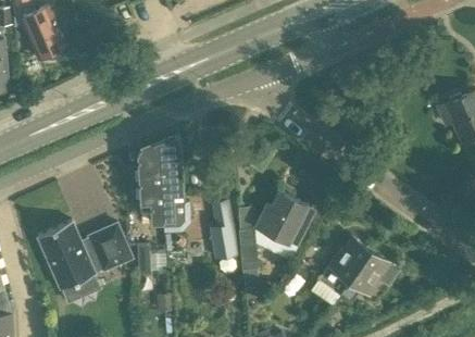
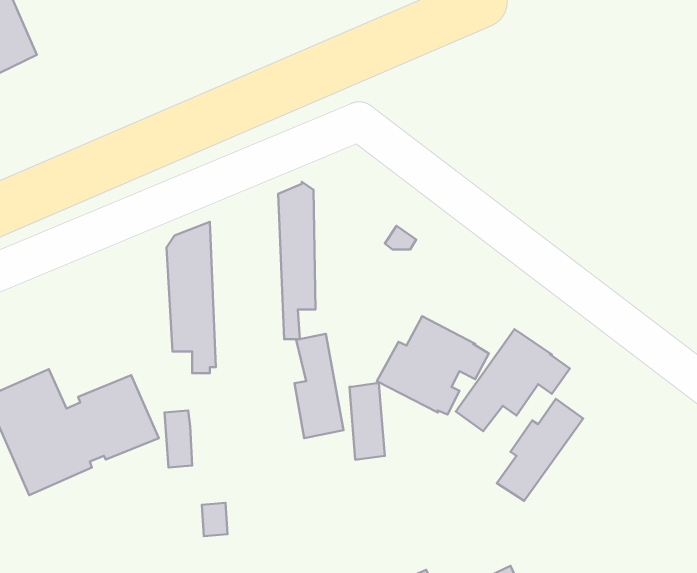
building: [161,134,182,221] -> [278,182,315,339]
building: [335,249,398,305] -> [456,329,570,431]

